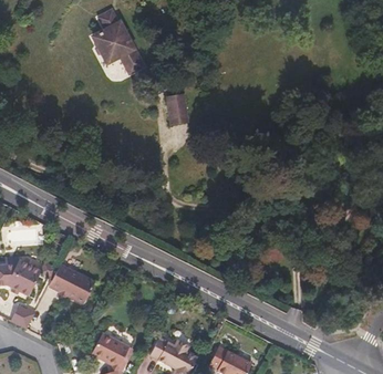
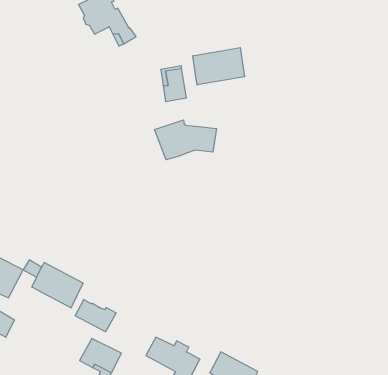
building: none -> [193,48,245,85]
building: none -> [154,120,216,160]
building: none -> [75,299,116,332]

